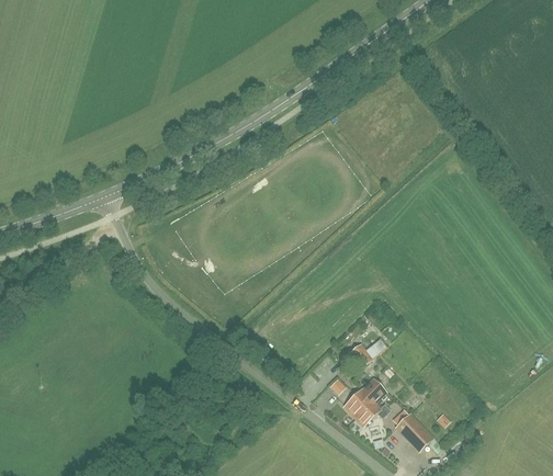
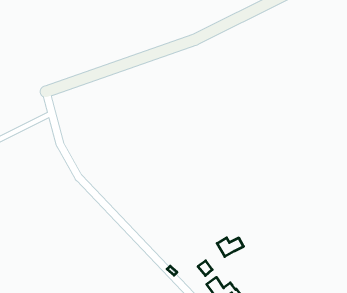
building: [354,378,385,407] -> none

